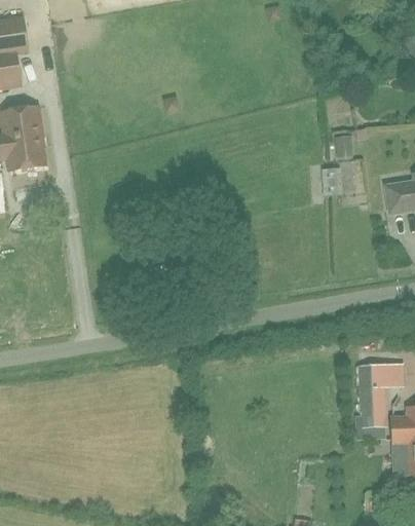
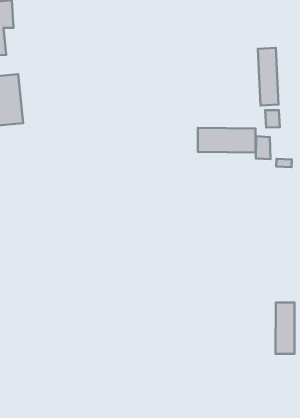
building: none -> [258,48,279,105]
building: none -> [198,128,256,153]

